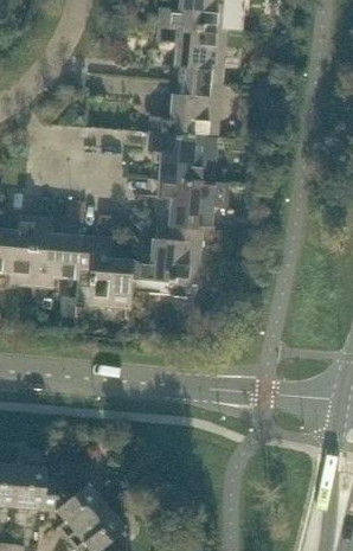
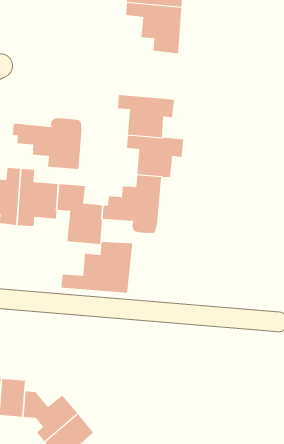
building: [149,81,220,137] -> none
building: none -> [12,118,82,170]
building: none -> [61,241,133,294]

